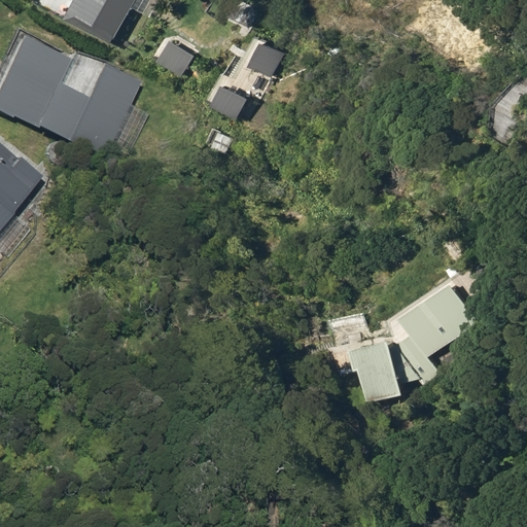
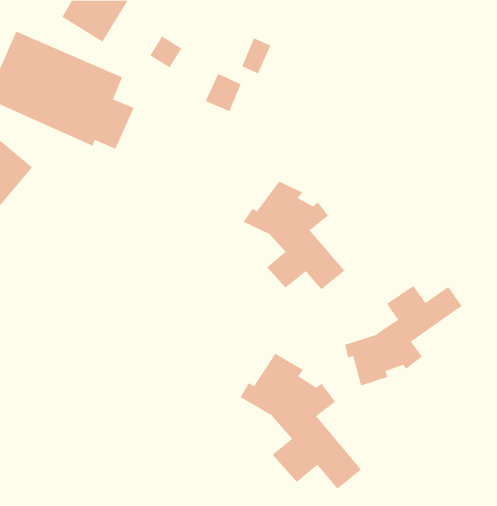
building: none -> [243,181,345,290]
building: none -> [240,353,362,490]

